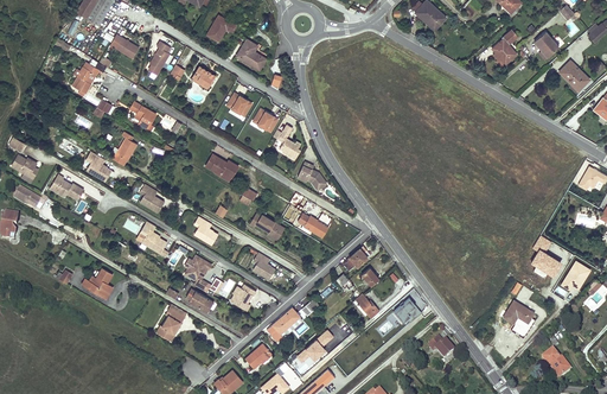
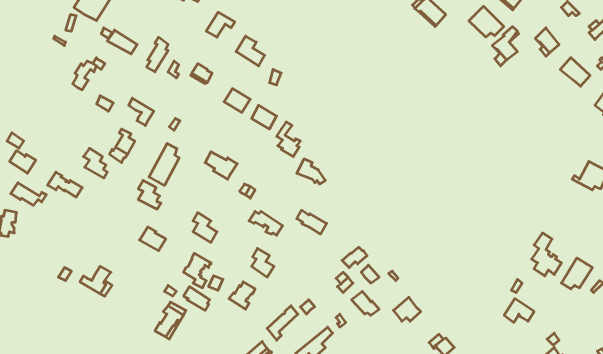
building: none -> [469,6,504,37]
building: none -> [149,143,179,185]

